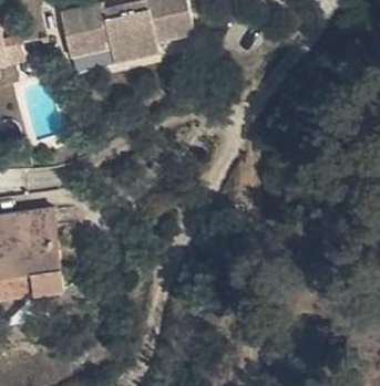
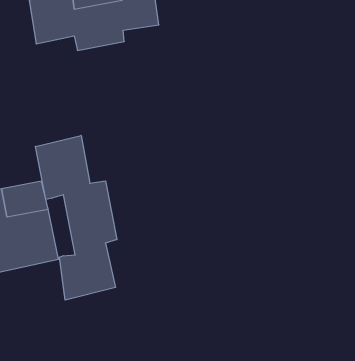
building: none -> [35,135,117,300]

